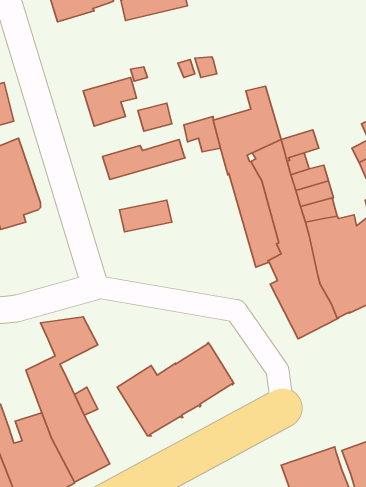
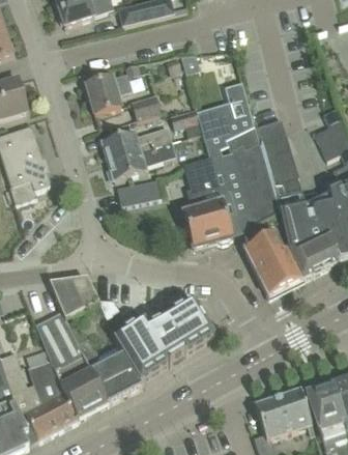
building: none -> [108,138,184,180]
building: none -> [182,155,232,249]
building: none -> [90,353,142,403]

